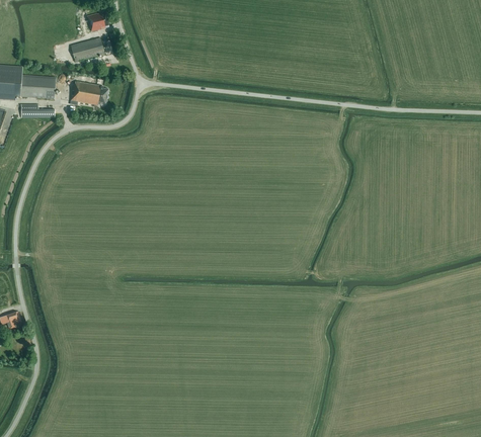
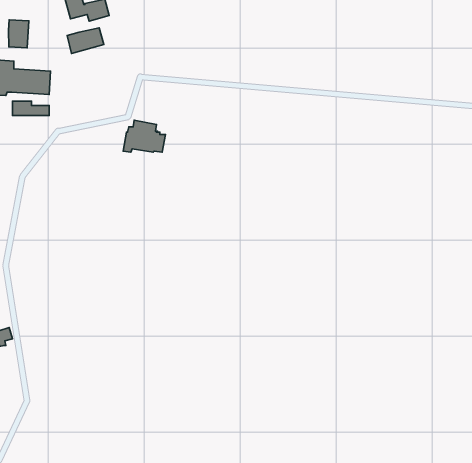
building: none -> [9,20,29,48]
building: [70,75,108,104] -> [123,120,165,152]

